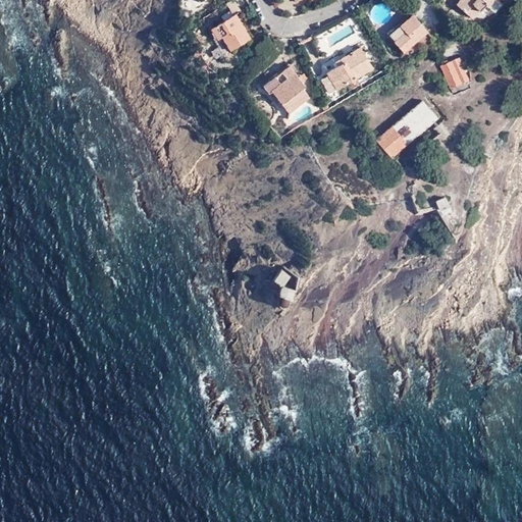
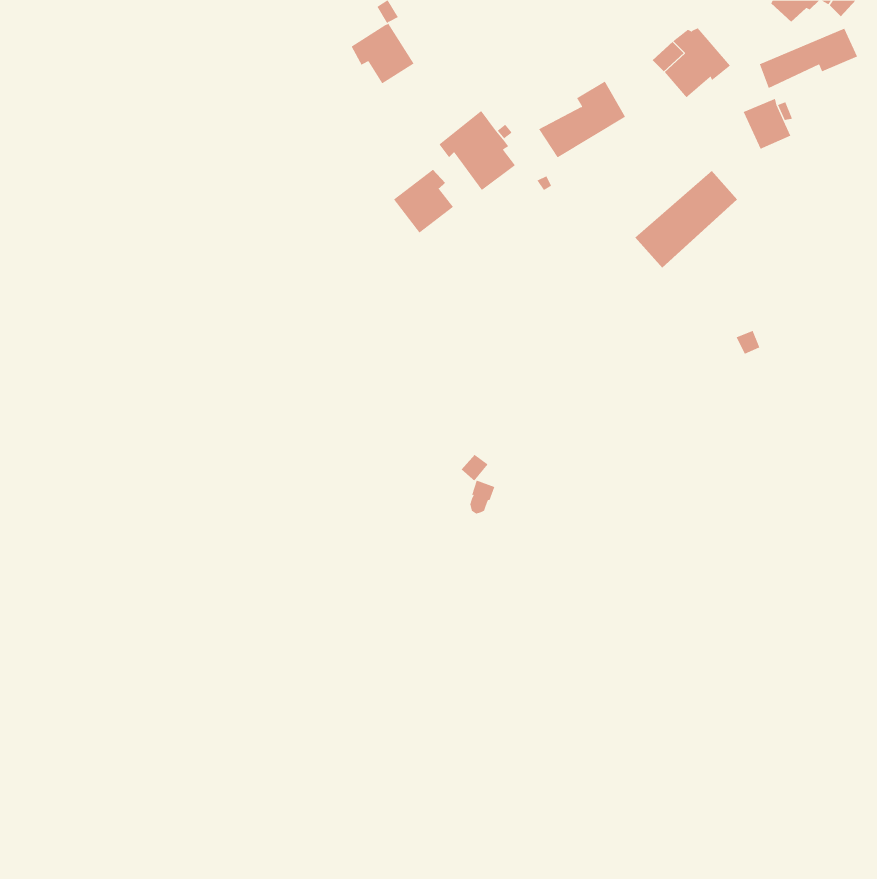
building: none -> [759,28,858,89]
building: none -> [393,169,454,233]

